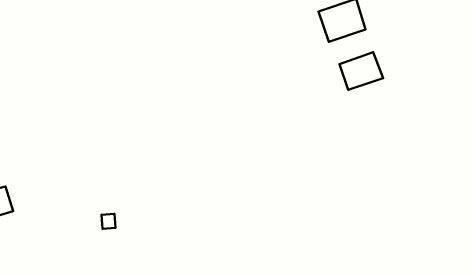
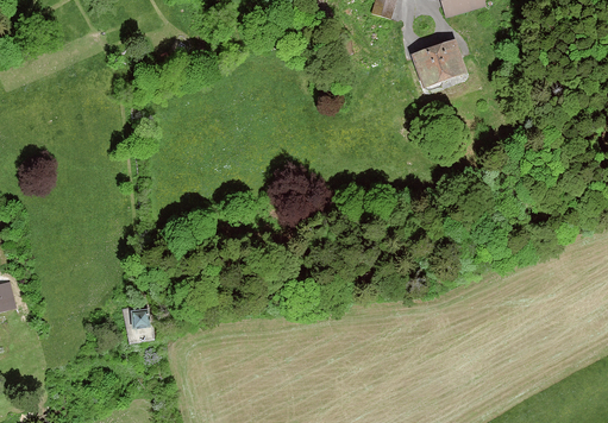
building: [339,52,383,90] -> none

